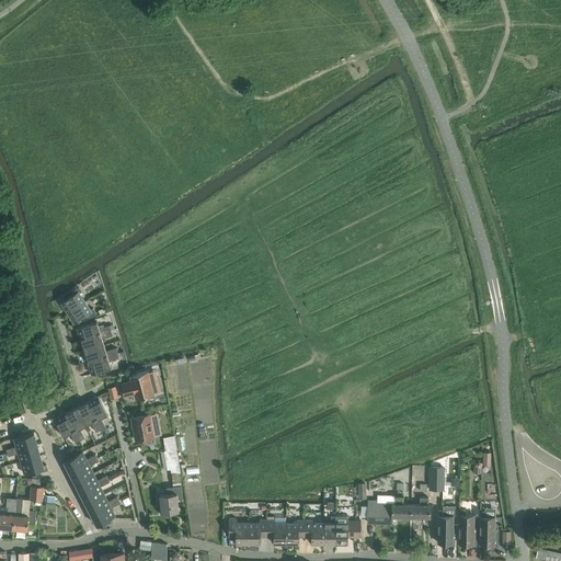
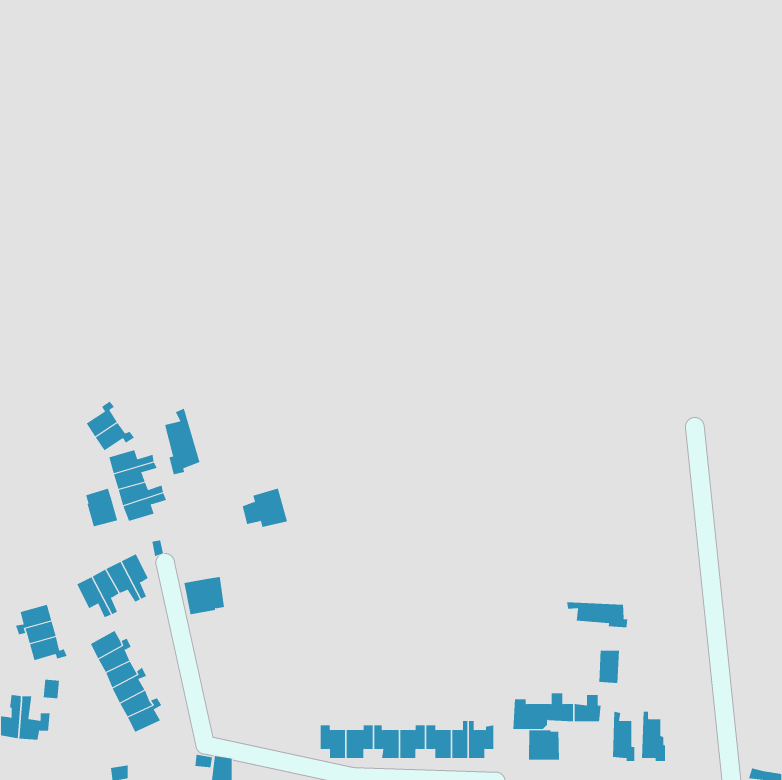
building: none -> [165,408,200,475]
building: none -> [86,488,118,527]
building: [122,371,154,400] -> [242,488,288,528]
building: none -> [567,602,628,628]
building: [161,437,180,474] -> none
building: [160,488,182,514] -> none
building: [480,512,499,548] -> none
building: none -> [529,730,560,761]

